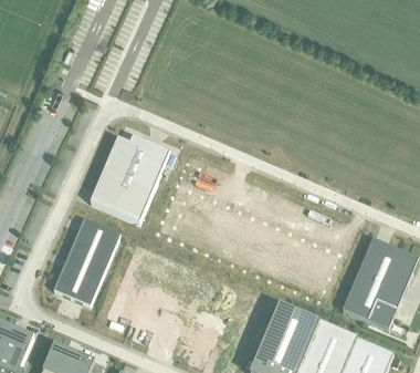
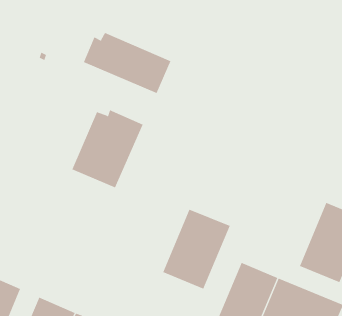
building: none -> [83,32,171,94]
building: [53,219,120,305] -> none
building: none -> [162,209,230,289]

